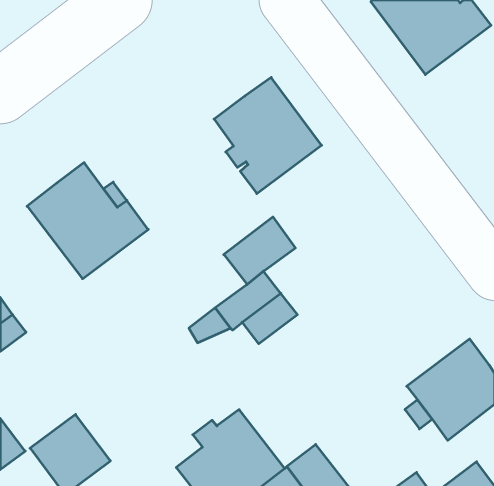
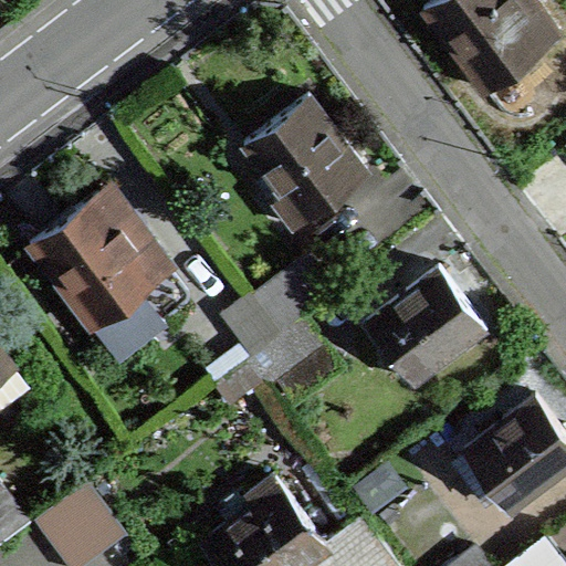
building: none -> [369,270,485,384]

